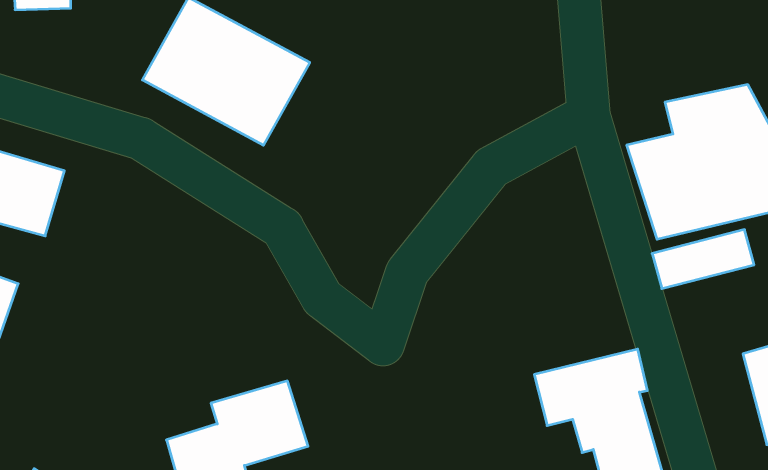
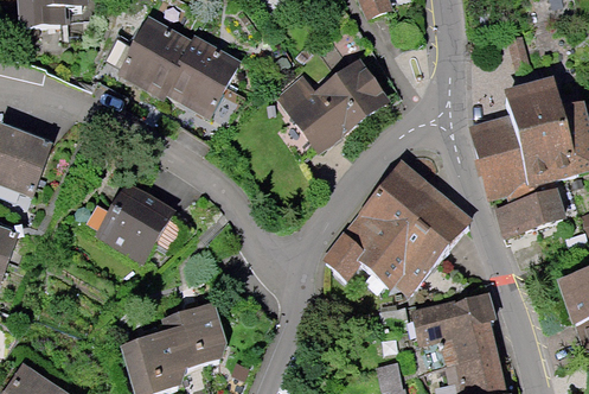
building: none -> [279,57,393,150]
building: none -> [320,163,465,300]
building: none -> [102,189,183,269]

